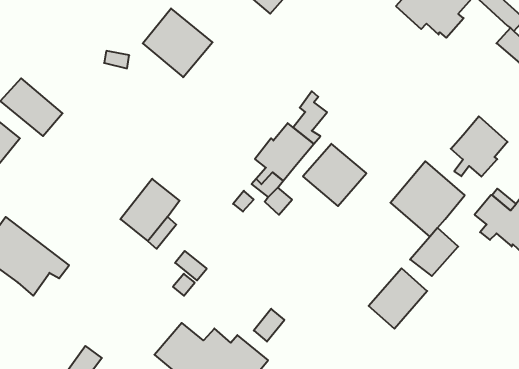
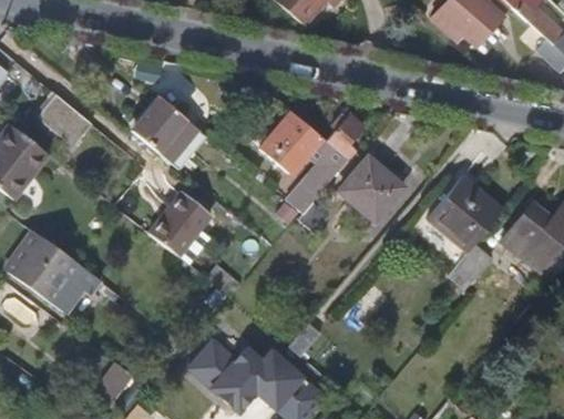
building: [143,8,213,77] -> [132,96,203,166]
building: none -> [259,111,321,173]
building: [451,116,508,177] -> none
building: [369,268,427,329] -> none

